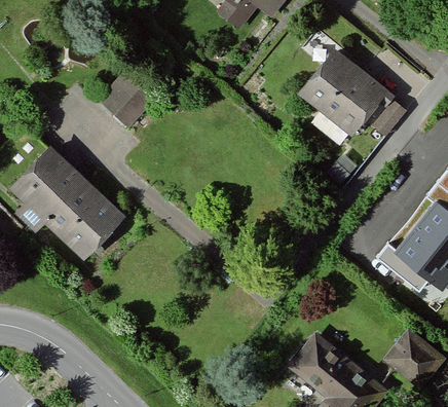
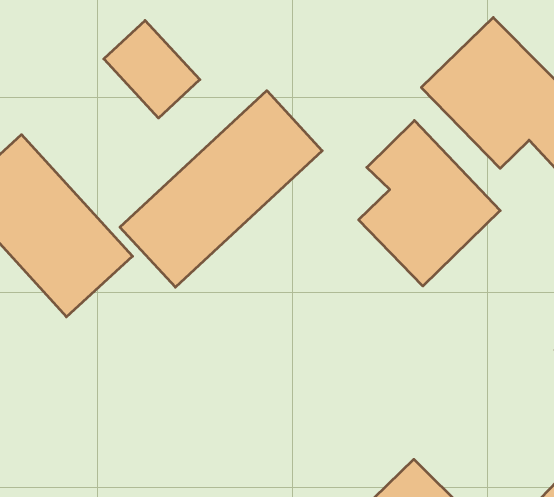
building: none -> [120,91,322,287]
building: none -> [359,120,500,286]

